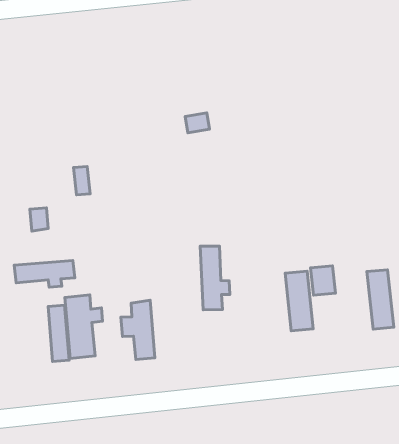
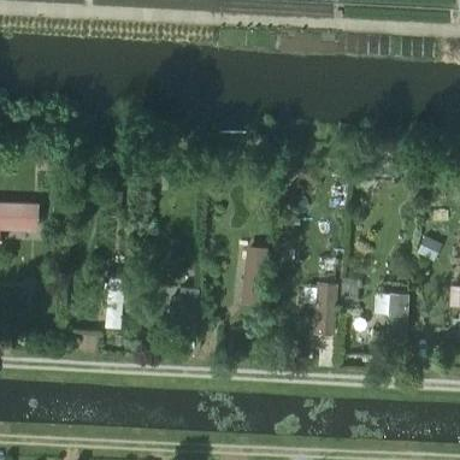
building: [14,260,75,287] -> none
building: [65,295,102,358] -> none

